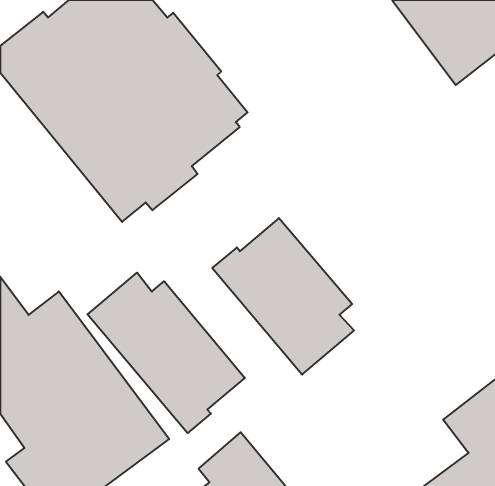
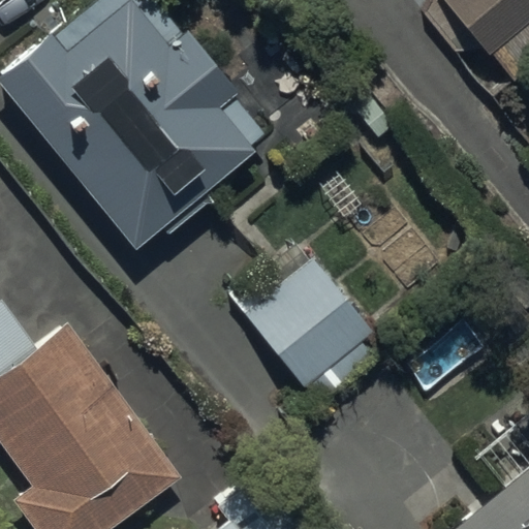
building: [87,273,245,433] -> none

